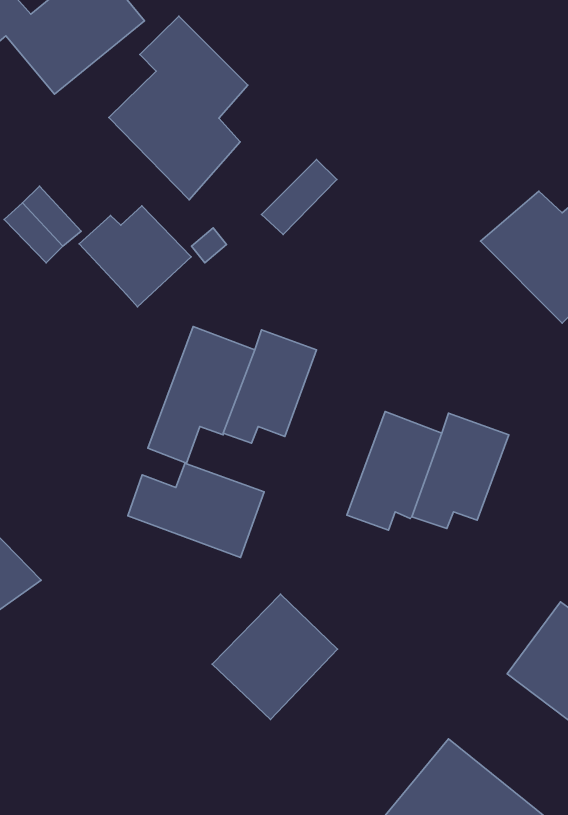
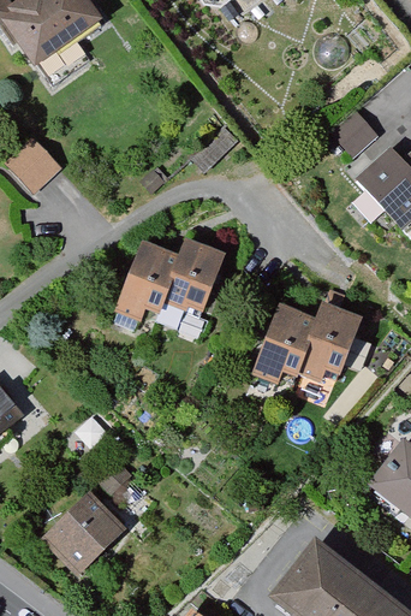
building: [109,16,248,200] -> none
building: none -> [327,107,374,154]
building: [79,206,191,307] -> none
building: [128,463,264,557] -> none
building: [212,594,337,719] -> [40,485,130,575]

